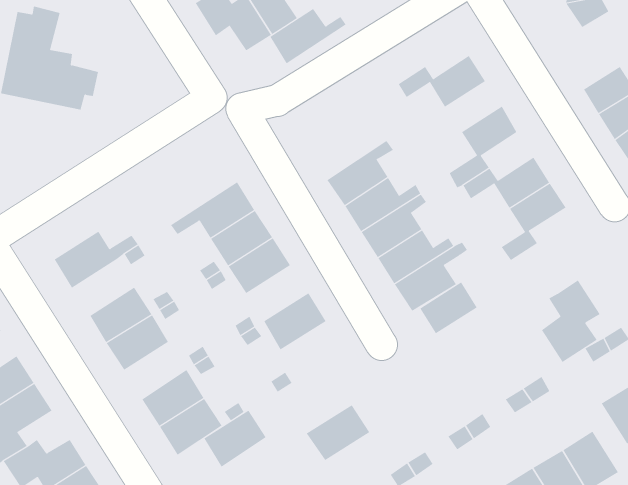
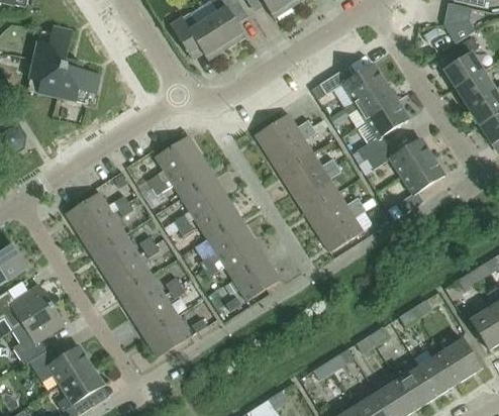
building: [270,8,346,64] -> [255,113,311,154]
building: none -> [442,37,483,88]
building: none -> [342,82,396,119]
building: none -> [146,135,201,188]
building: none -> [79,213,125,254]
building: none -> [207,217,254,258]
building: [541,279,600,363] -> none
building: [420,282,477,334] -> none
building: [306,405,370,461] -> [232,258,280,300]
building: [203,410,267,467] -> [117,274,164,316]

